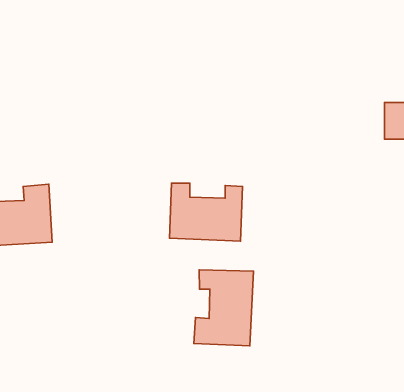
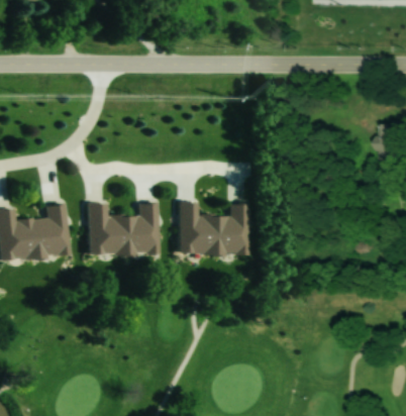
building: none -> [88,201,160,254]
building: [194,270,253,346] -> none

